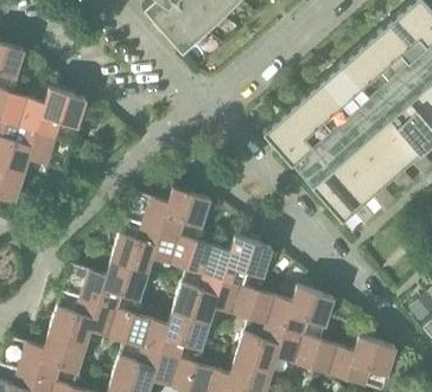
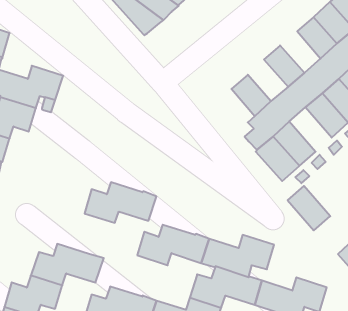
building: [341,49,388,97] -> none
building: [303,82,350,130] -> none
building: [263,116,311,173] -> none
building: [351,137,401,189] -> [288,186,330,230]
building: [142,188,210,237] -> none
building: [186,237,272,287] -> none
building: [80,262,147,309] -> none
building: [125,310,209,359] -> none

